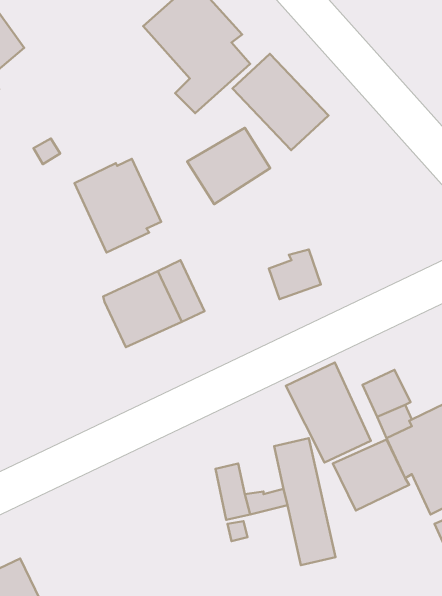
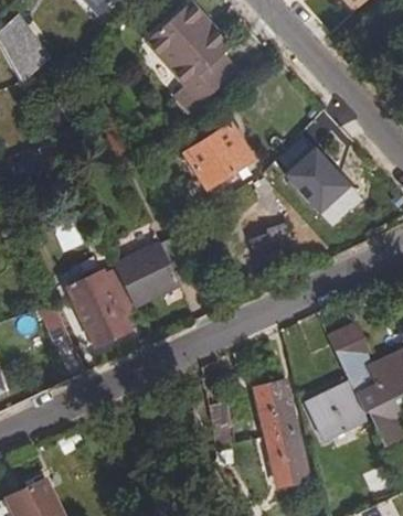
building: [232,54,329,150] -> [268,135,348,214]
building: [74,159,161,253] -> [68,267,140,344]
building: [286,362,371,462] -> none

